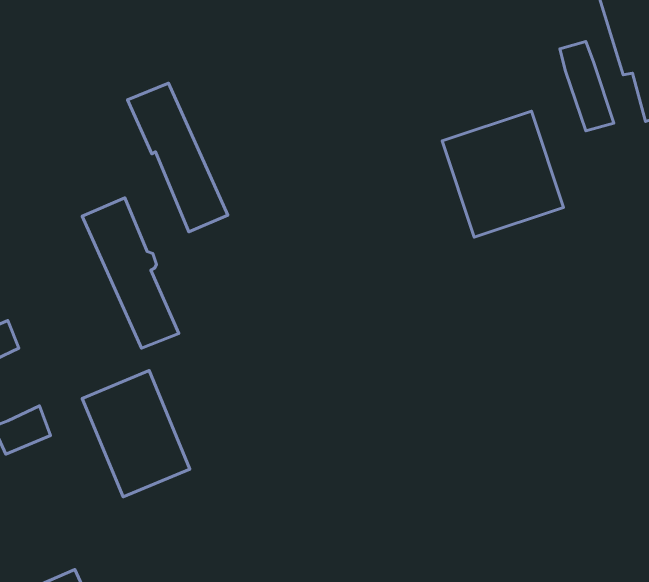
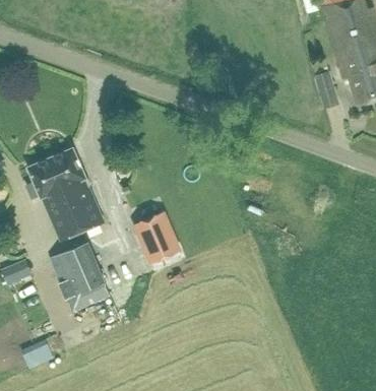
building: [128,83,228,232] -> [26,156,81,238]
building: [442,111,564,237] -> none
building: none -> [135,214,179,264]

